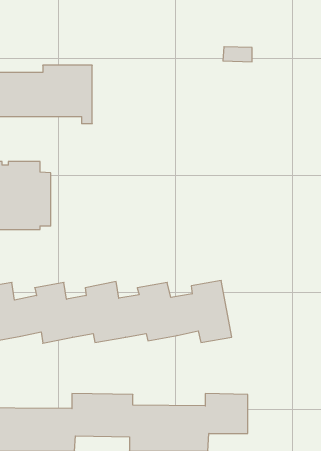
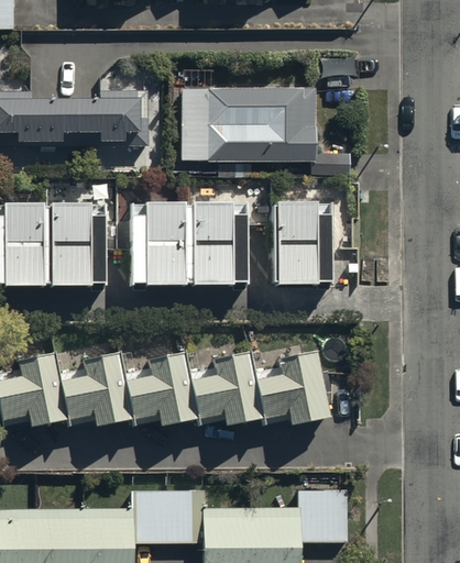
building: none -> [180,86,348,177]
building: none -> [274,199,330,286]
building: none -> [130,201,248,285]

